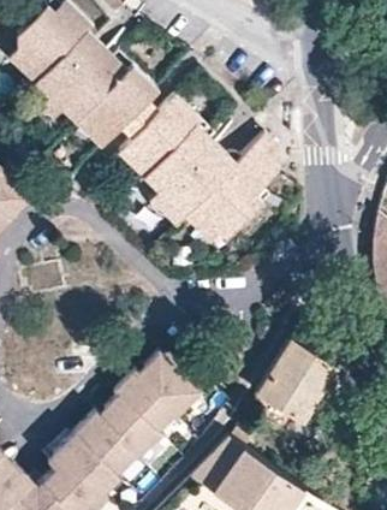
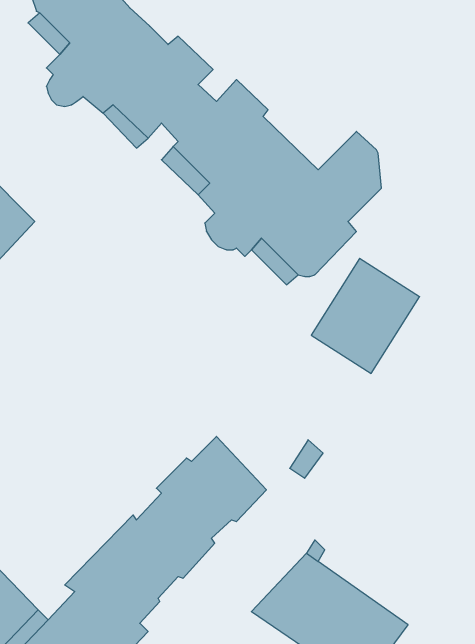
building: [256,337,334,420] -> [311,258,420,373]

